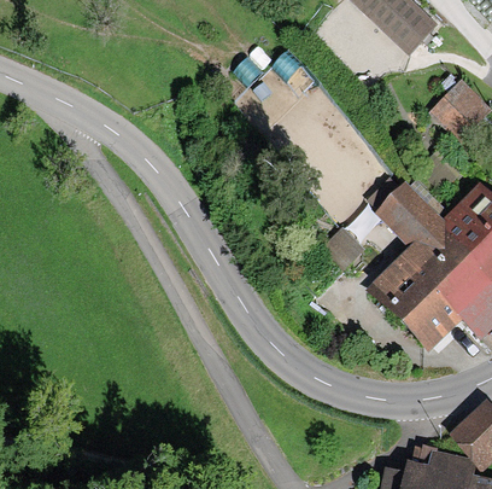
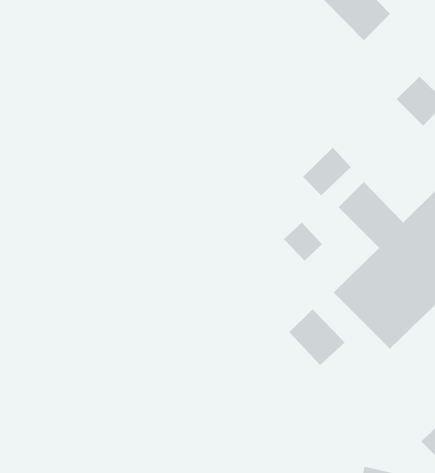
building: none -> [302,147,351,196]
building: none -> [288,309,346,366]

